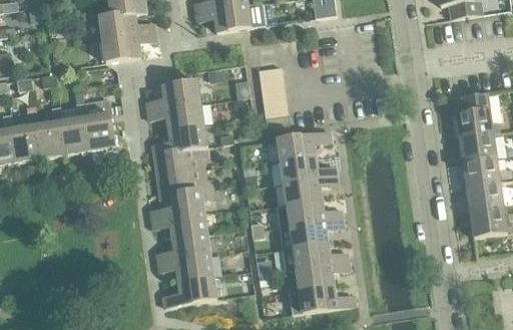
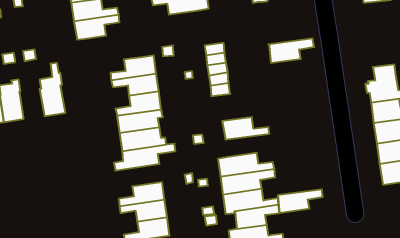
building: [85,99,115,150] -> none
building: [36,106,66,157] -> none
building: [277,131,332,160] -> [268,39,314,63]
building: [284,176,338,204] -> [278,189,323,213]
building: [151,212,207,239] -> none

